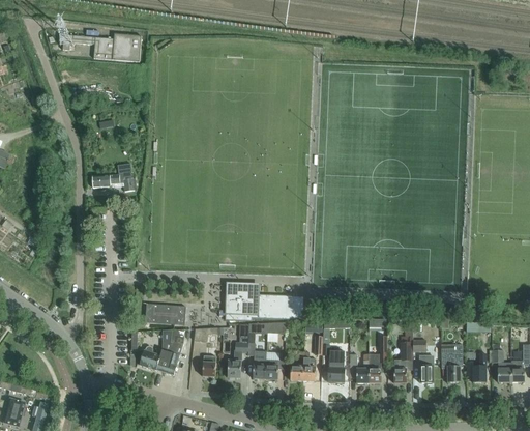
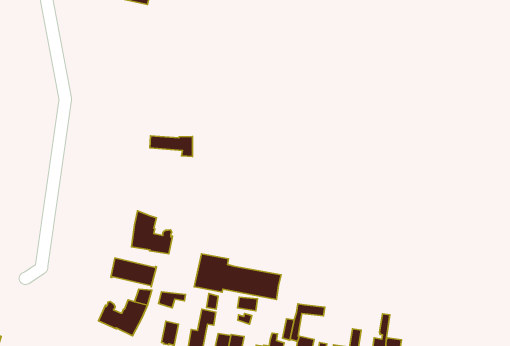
building: [91,171,134,191] -> [150,136,193,157]
building: none -> [132,211,172,254]

